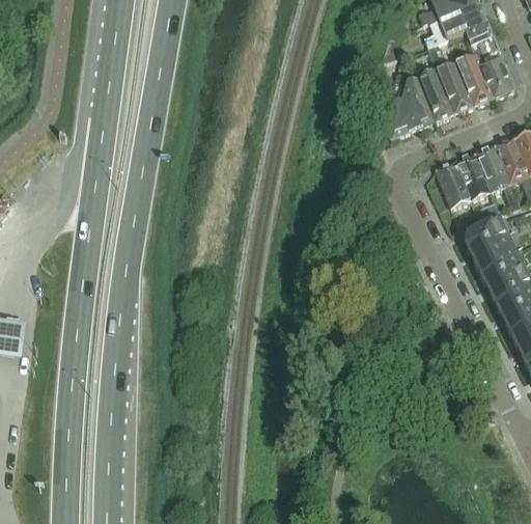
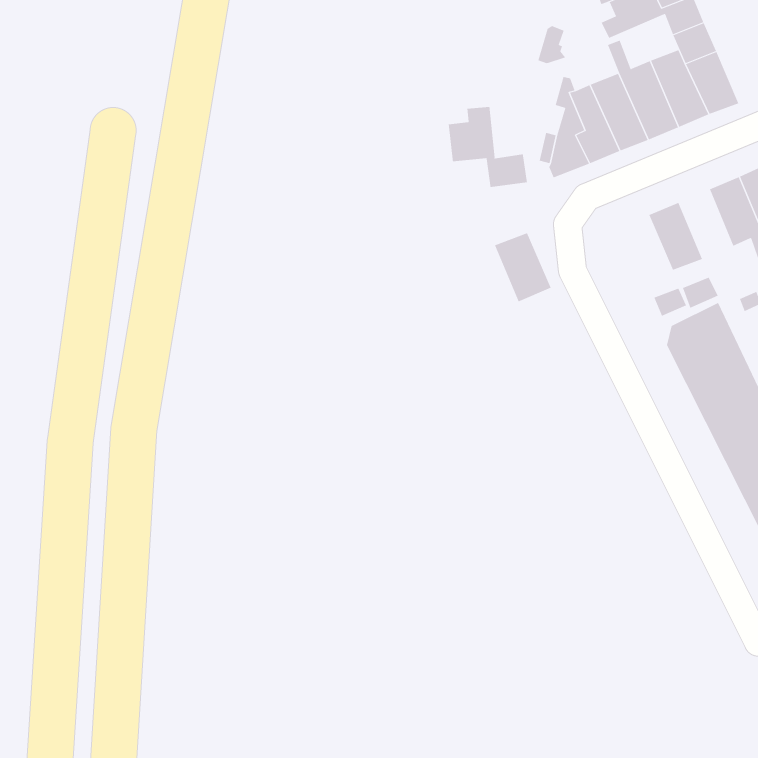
building: none -> [448,106,527,188]
building: [476,144,522,209] -> none
building: [435,161,472,206] -> [494,232,551,302]

